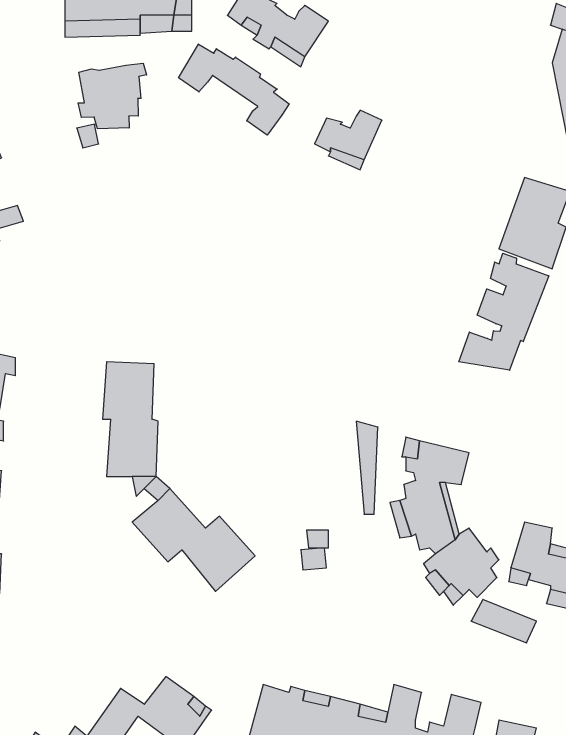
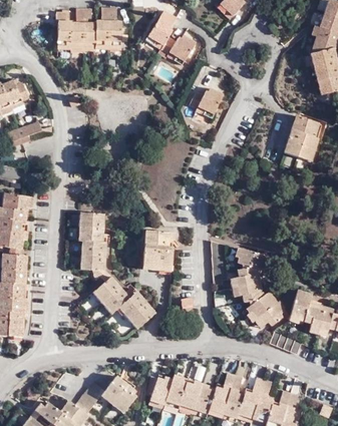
building: [179,44,289,135] -> none
building: [78,63,147,129] -> none
building: [459,253,549,370] -> none
building: none -> [145,227,178,267]

